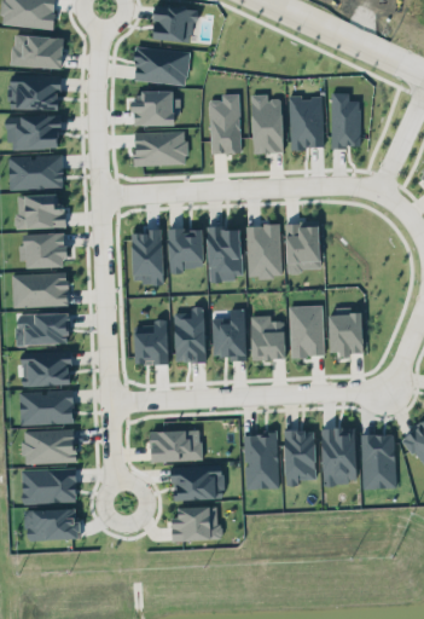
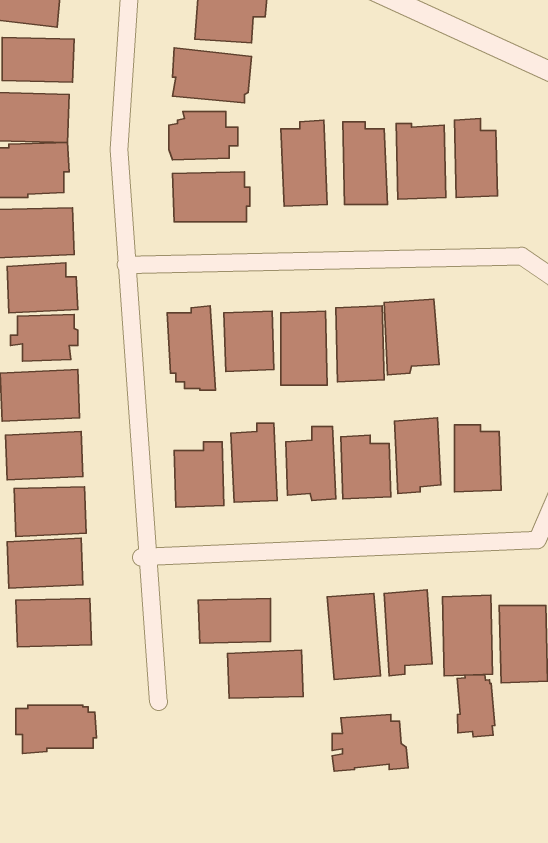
building: [22,470,77,505] -> none
building: none -> [457,675,495,737]
building: [169,501,222,540] -> [332,714,408,771]

